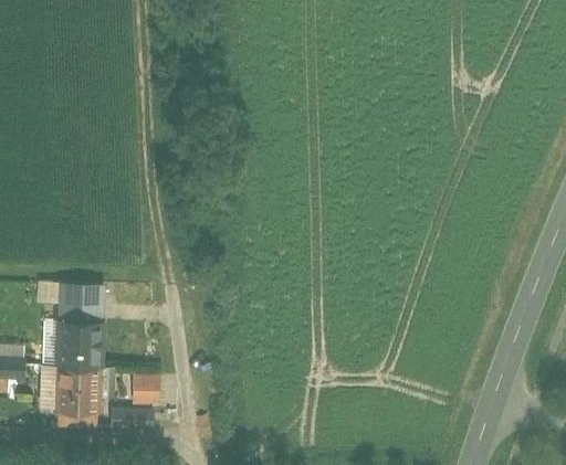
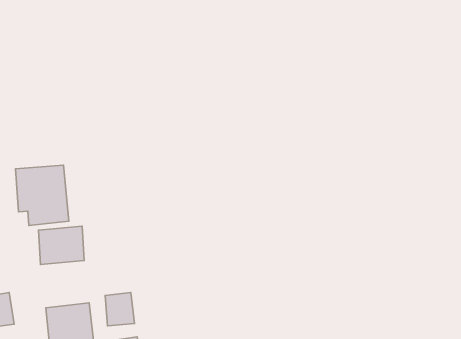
building: none -> [15,165,69,225]
building: [55,319,102,366] -> none

